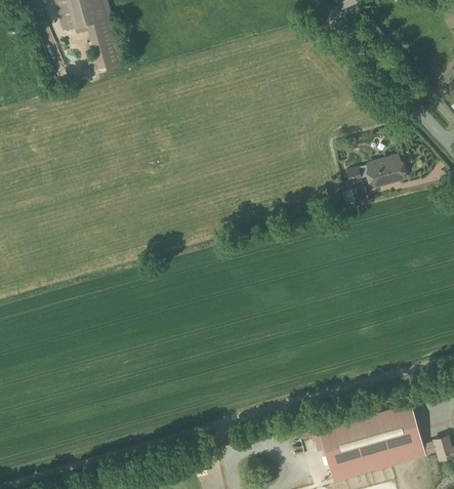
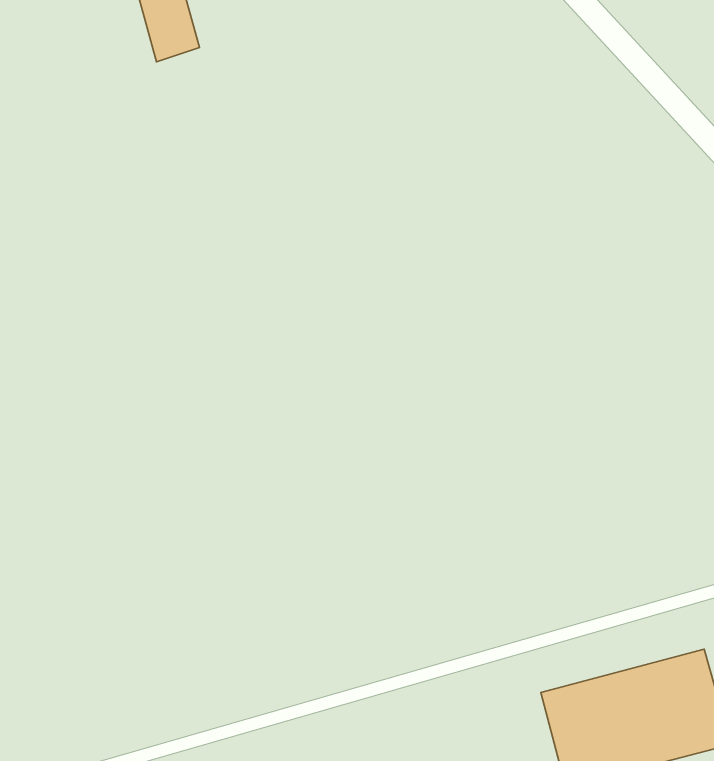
building: [341,152,405,205] -> none

